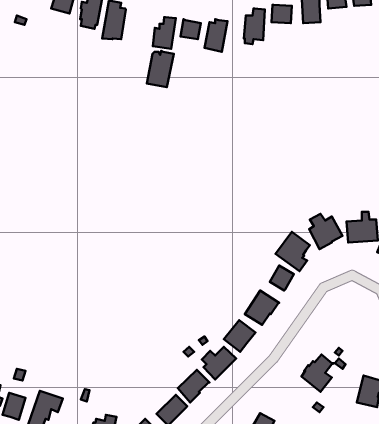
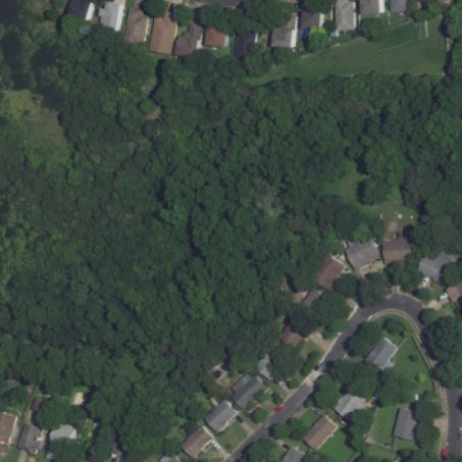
building: [147,51,174,87] -> [148,15,176,54]
building: none -> [364,336,399,373]
building: none -> [302,413,337,449]

